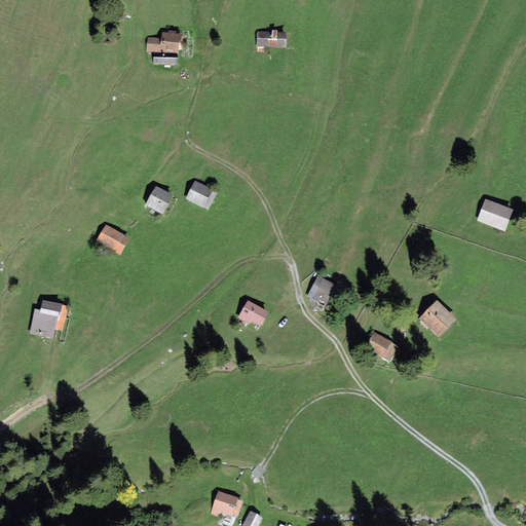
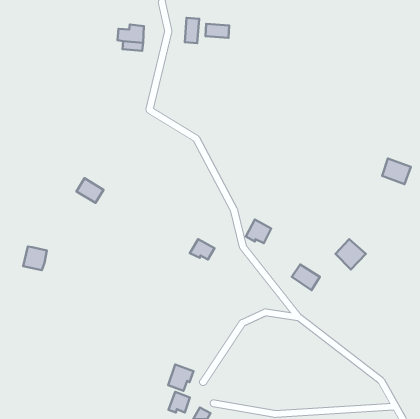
building: none -> [185,18,199,43]
building: [186,180,217,209] -> none
building: [146,185,173,213] -> none
building: [40,299,68,330] -> none
building: none -> [168,364,193,391]

